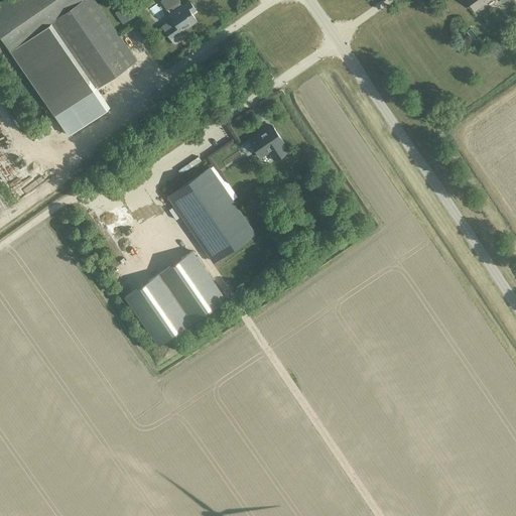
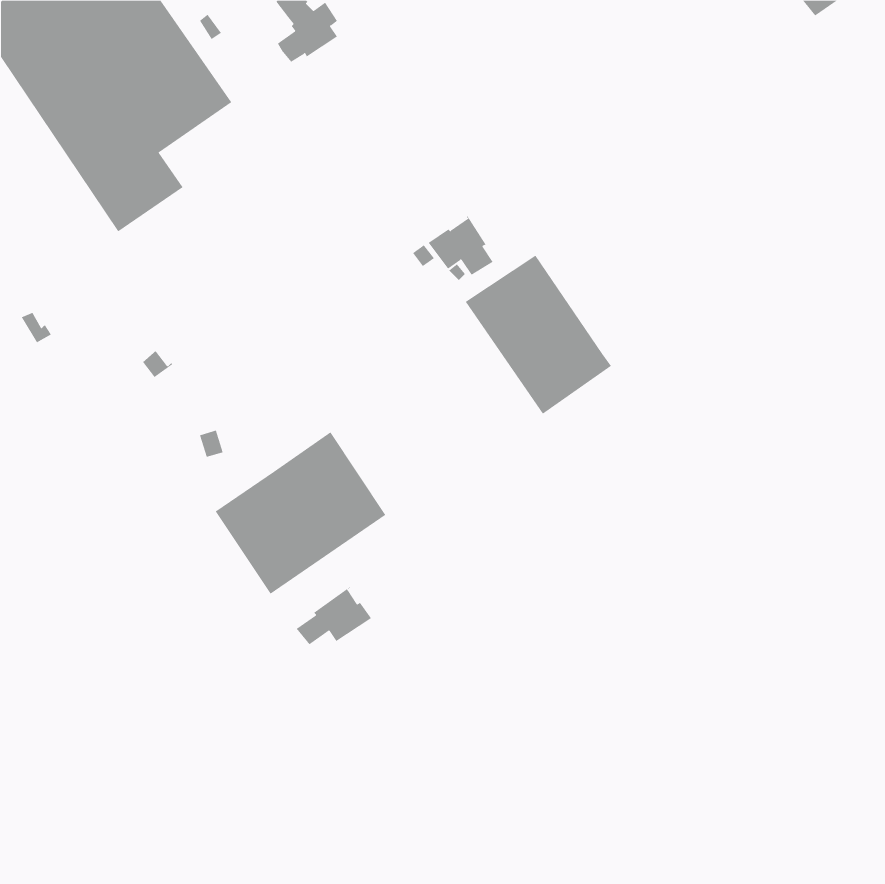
building: [168,169,254,262] -> [465,255,612,414]
building: none -> [296,586,372,645]

